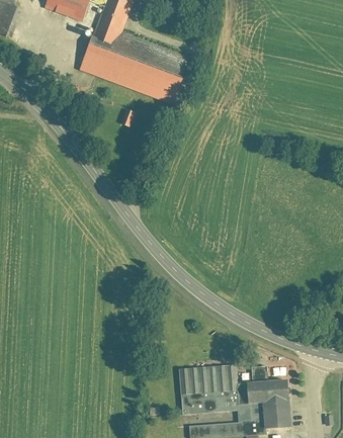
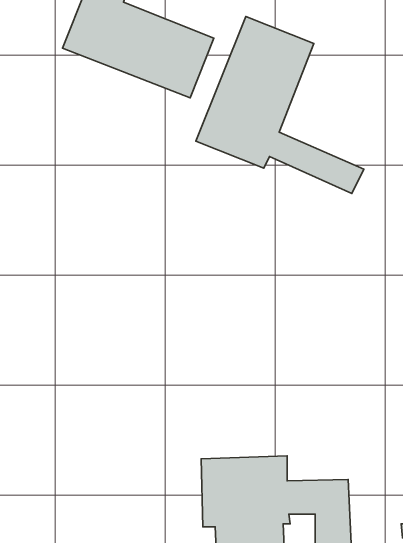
building: none -> [196,16,364,194]

